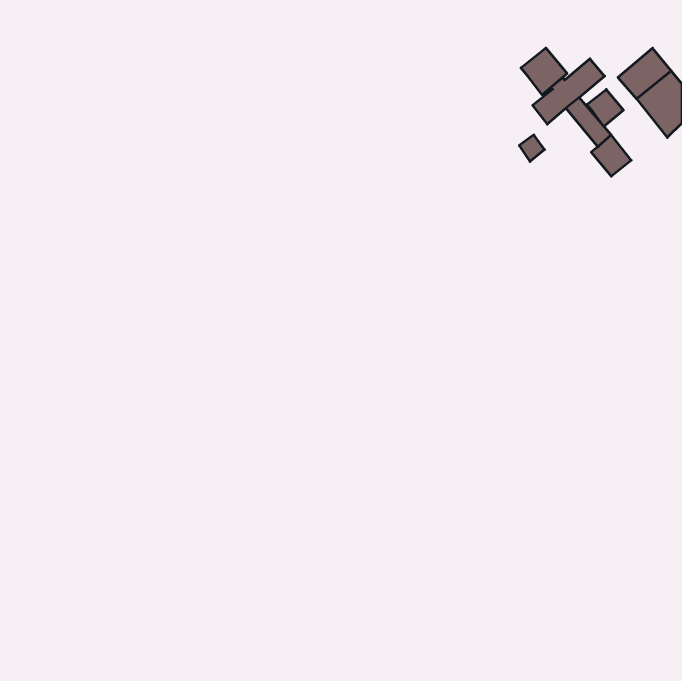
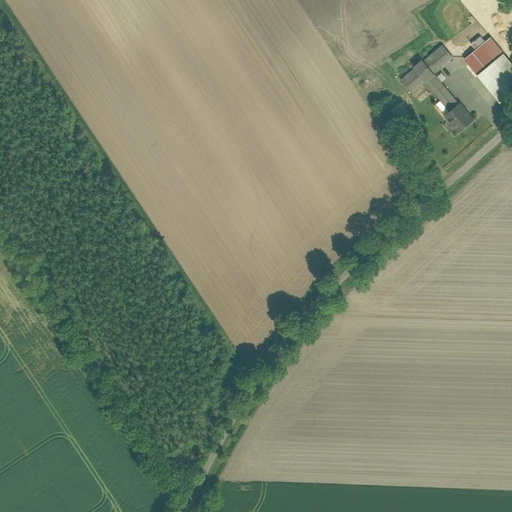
building: [521,48,567,95] -> none
building: [587,89,623,126] -> none

